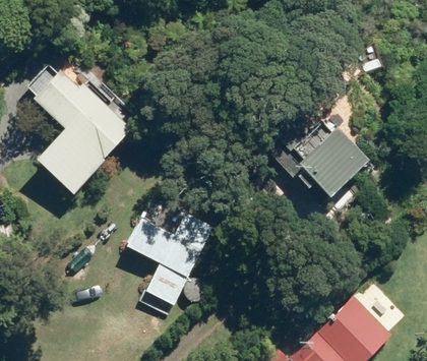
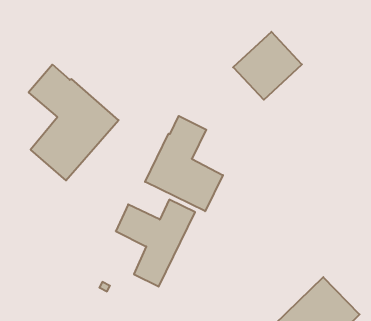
building: [289,125,362,197] -> [233,32,302,100]
building: none -> [145,116,223,211]

